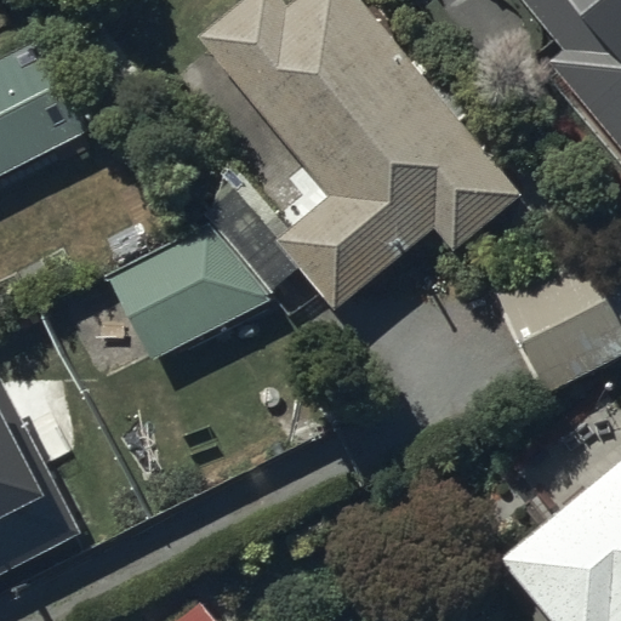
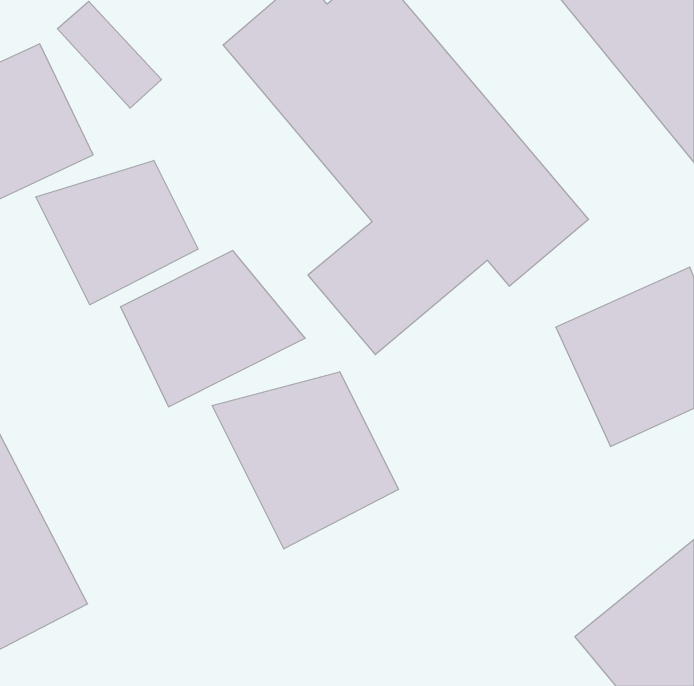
building: none -> [36,160,198,305]
building: none -> [212,372,399,549]

